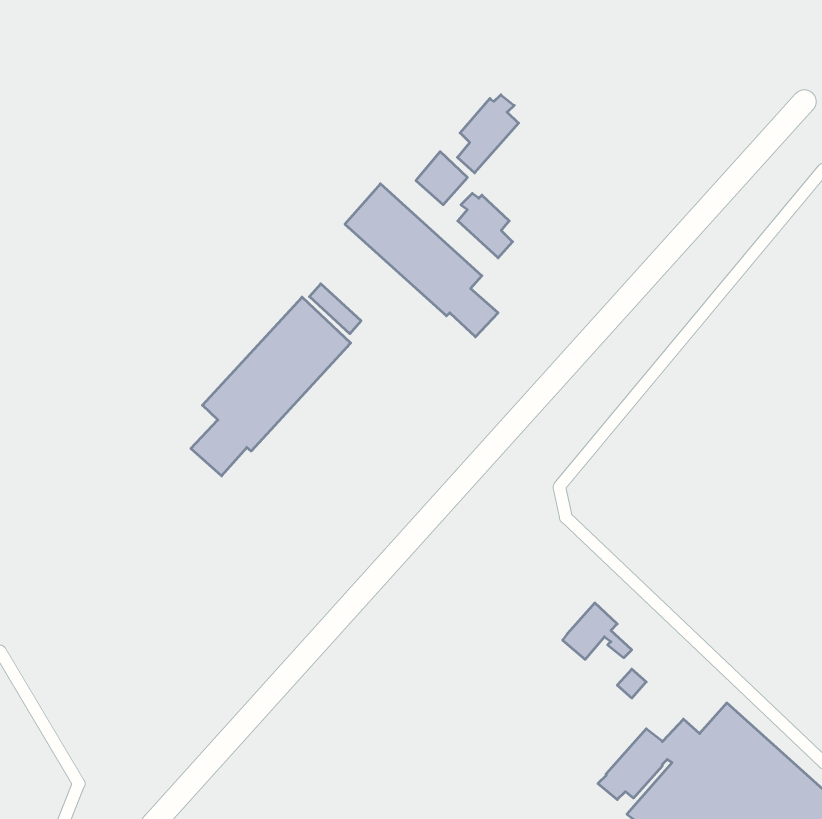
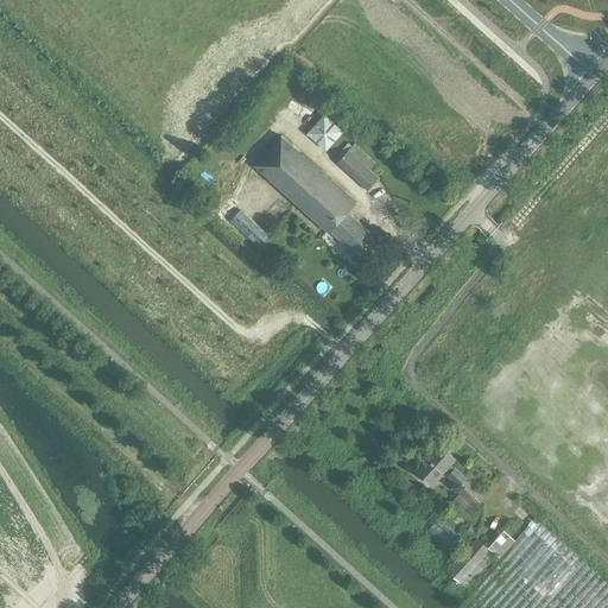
building: [457,95,519,173] -> none
building: [191,297,351,476] -> none

